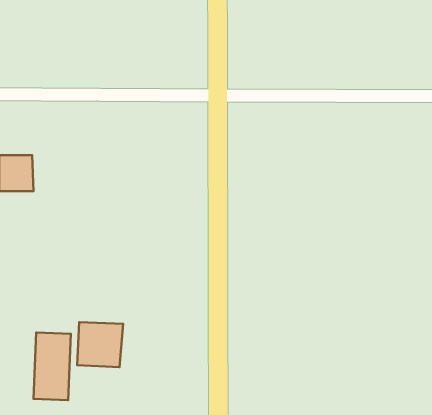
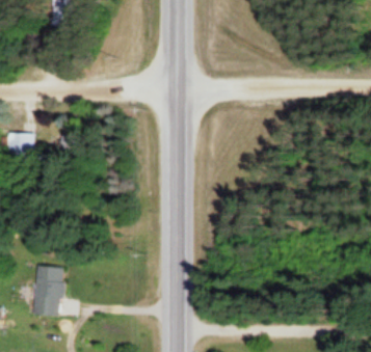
building: [77,322,123,367] -> none

